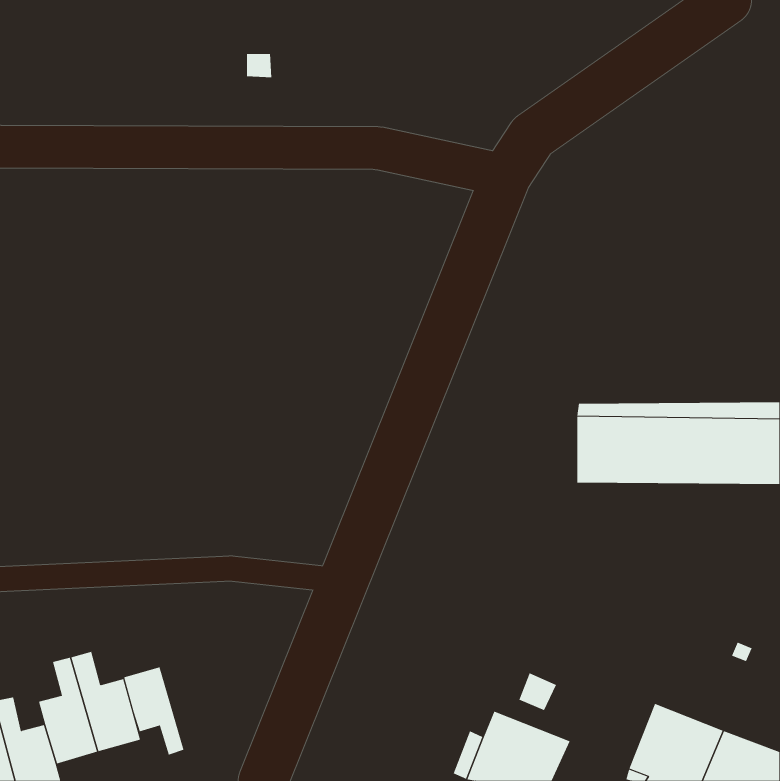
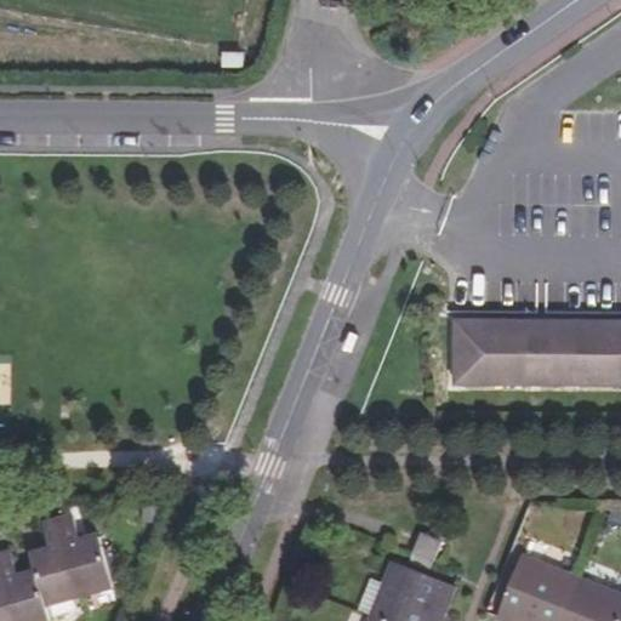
building: [123,666,184,756] -> none

